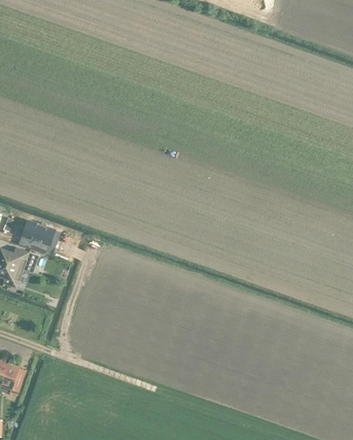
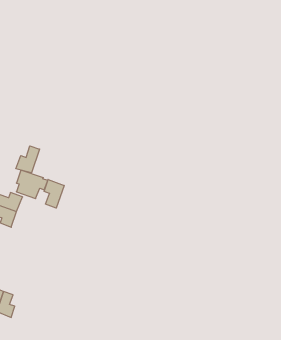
building: none -> [16,146,40,173]
building: none -> [44,179,64,208]

